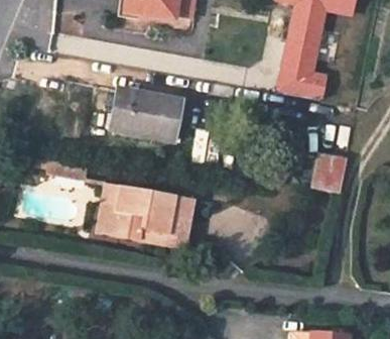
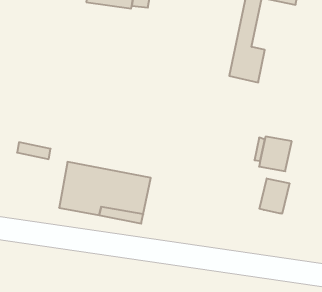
building: [110,89,180,140] -> none
building: none -> [259,178,289,214]

